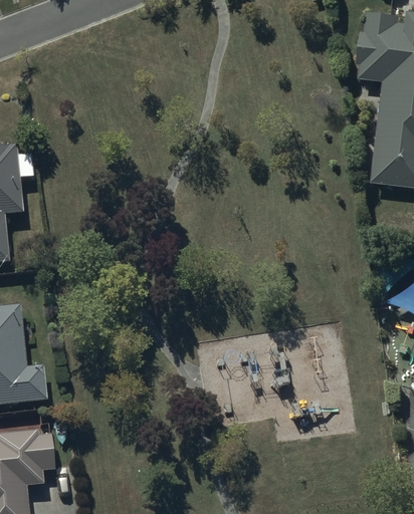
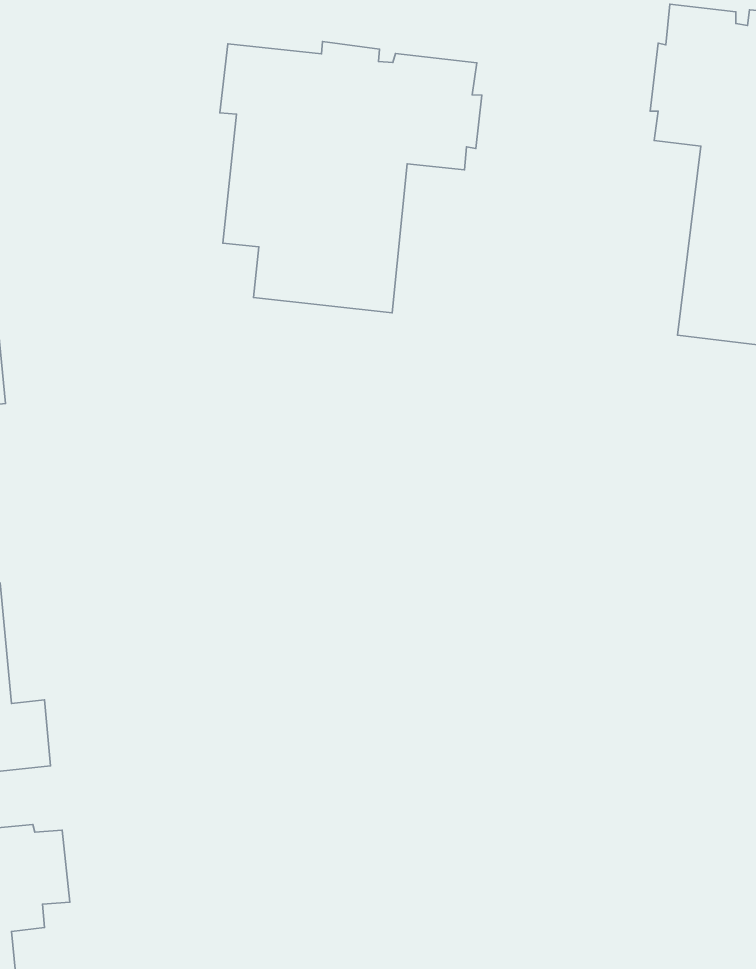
building: none -> [220,41,482,313]

